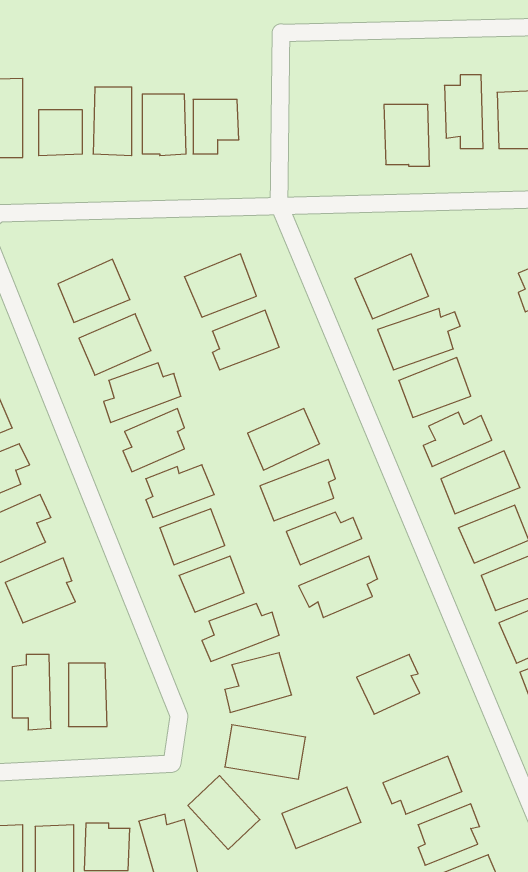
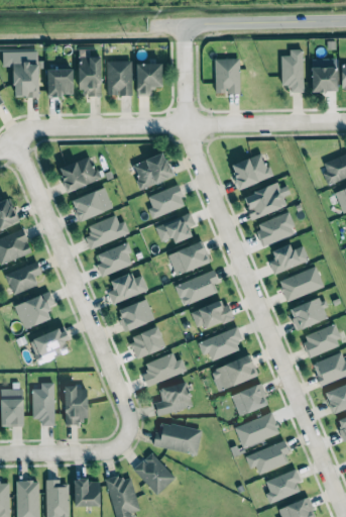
building: [384,105,430,166] -> [215,59,241,94]
building: none -> [156,213,196,243]
building: none -> [211,355,257,392]
building: [282,787,361,849] -> [235,413,280,448]

